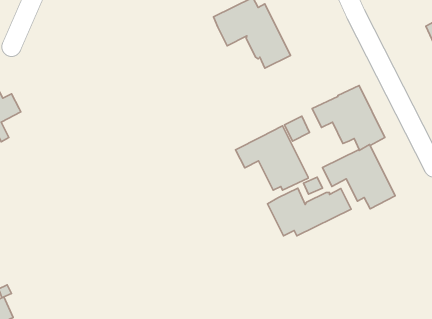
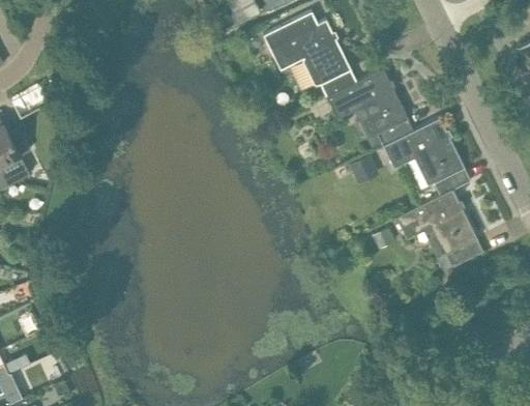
building: [235,126,308,190] -> [325,67,413,145]
building: [268,188,351,236] -> none

